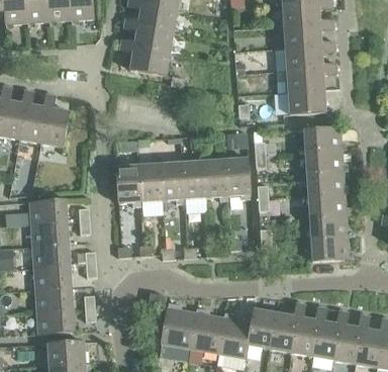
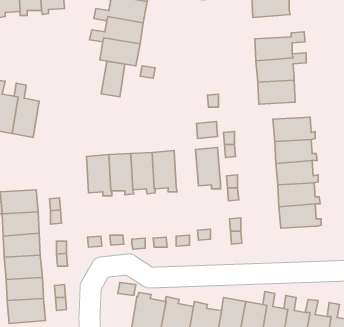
building: [283,18,333,48] -> none
building: none -> [101,61,125,97]
building: [204,159,228,200] -> none
building: [311,236,353,260] -> none

